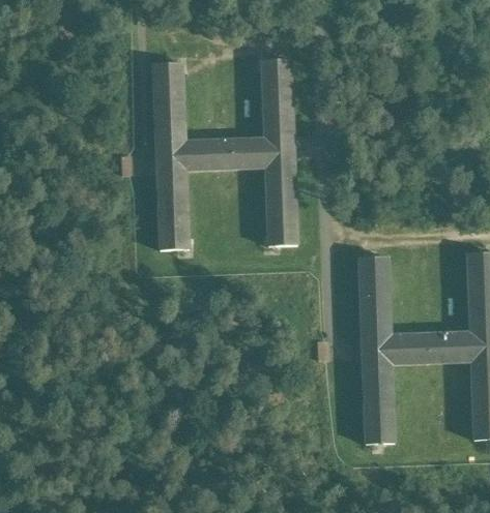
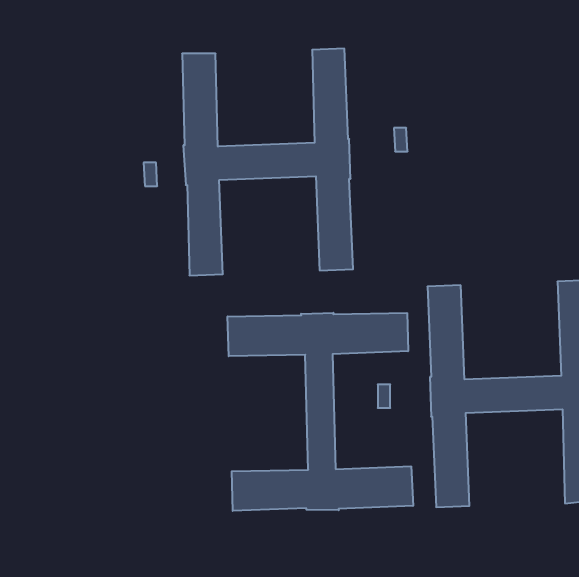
building: none -> [228,313,413,511]

